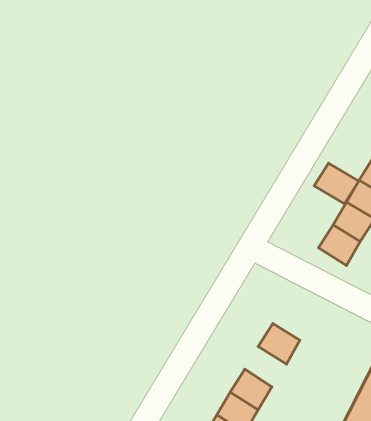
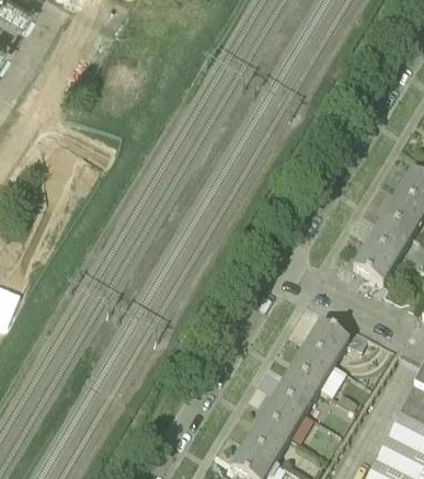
building: [314,163,359,204] -> none
building: none -> [307,318,351,360]
building: none -> [277,366,321,409]

